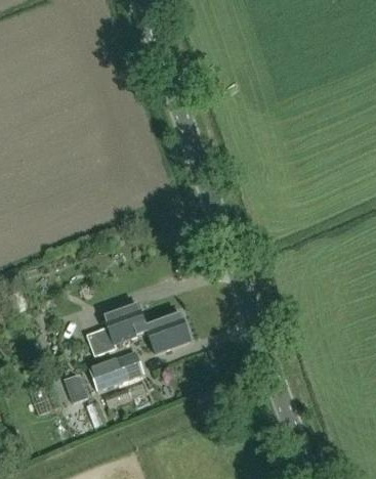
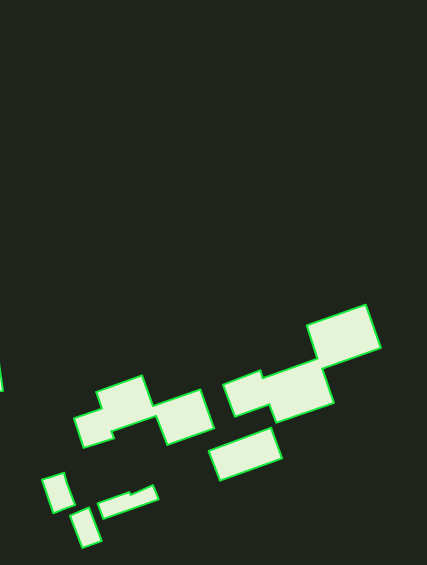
building: none -> [223,305,381,423]
building: [89,351,143,390] -> [209,428,282,481]

